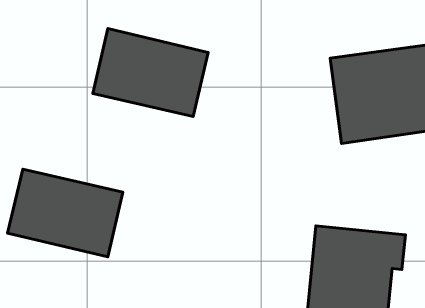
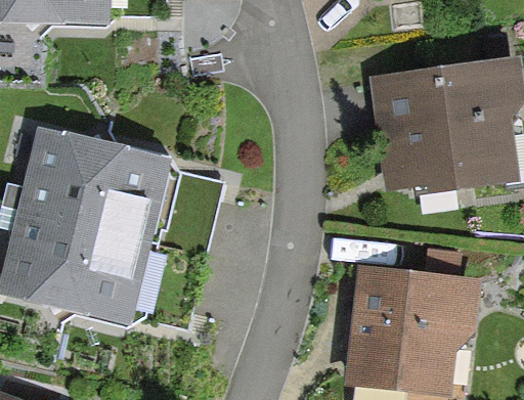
building: [93,29,208,116] -> [27,135,160,236]

